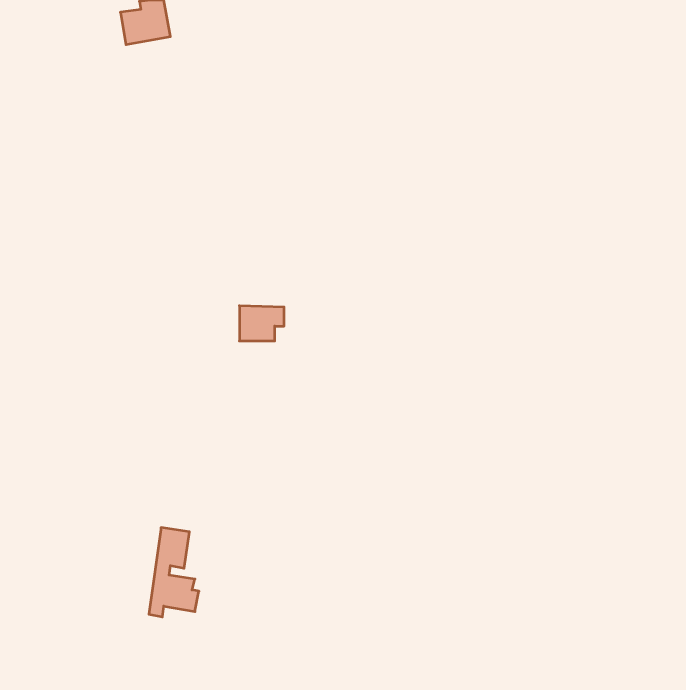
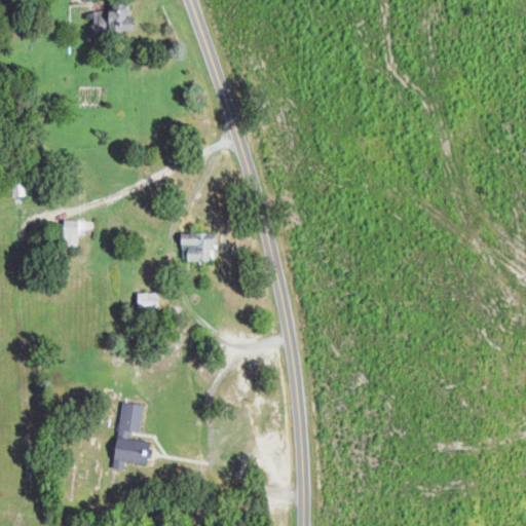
building: none -> [64,220,92,242]
building: none -> [135,292,159,308]

